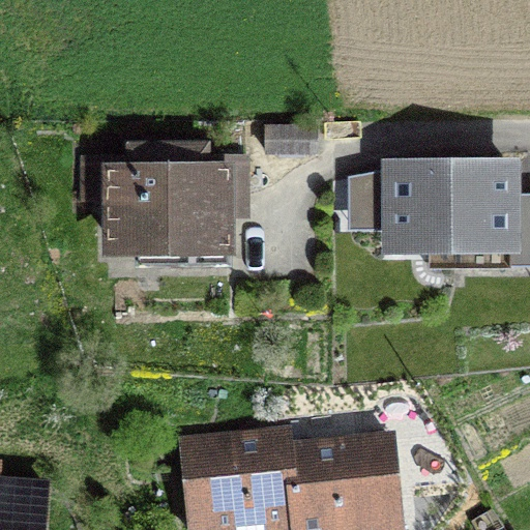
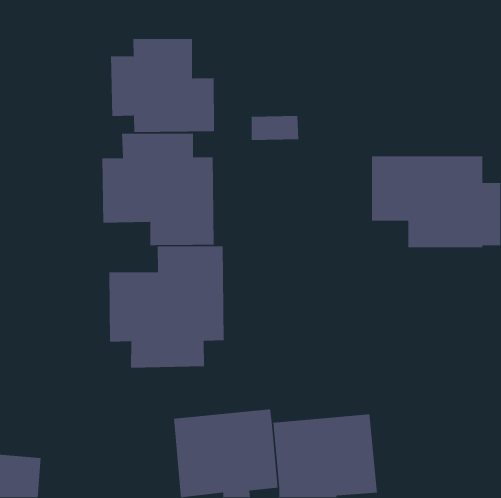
building: none -> [110,38,215,133]
building: none -> [109,245,225,369]

